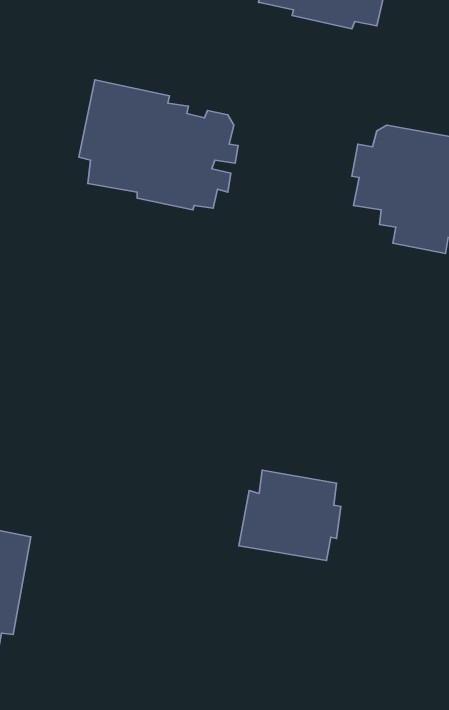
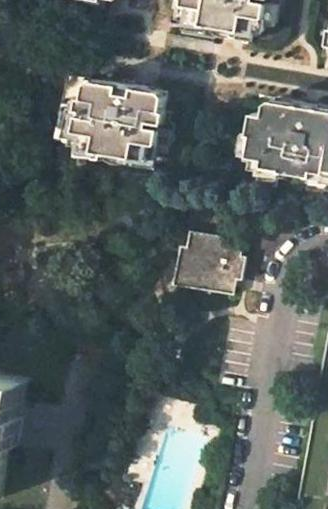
building: [239,470,341,561] -> [171,233,241,295]

